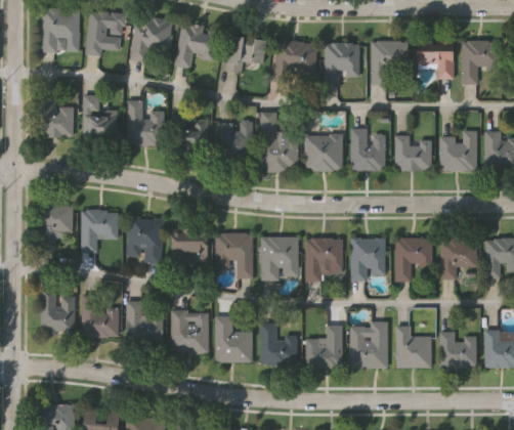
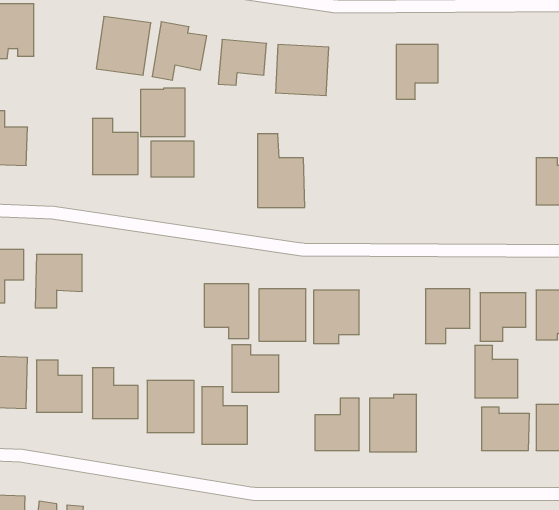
building: [87,10,125,55] -> none
building: [462,40,499,84] -> none
building: [418,41,454,78] -> none
building: [324,42,359,80] -> none
building: [83,94,118,138] -> none
building: [218,121,254,160] -> [141,88,185,137]
building: [351,128,385,169] -> none
building: [439,130,476,170] -> none
building: [305,133,342,170] -> none
building: [394,136,431,170] -> none
building: [127,217,163,262] -> none
building: [172,227,209,258] -> none
building: [350,238,385,278] -> none
building: [396,326,431,368] -> [475,346,518,398]
building: [261,327,299,364] -> [232,345,279,392]

